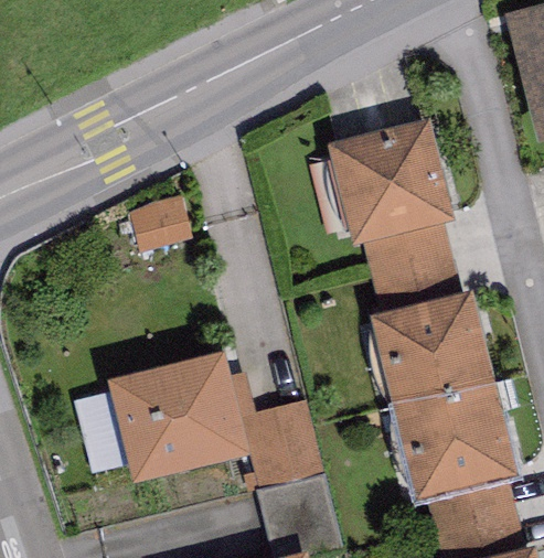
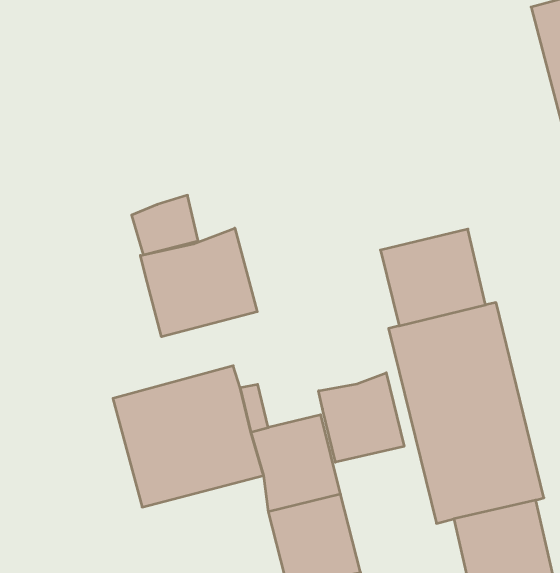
building: [327,117,454,244] -> none
building: none -> [140,228,257,337]
building: none -> [319,373,404,462]

